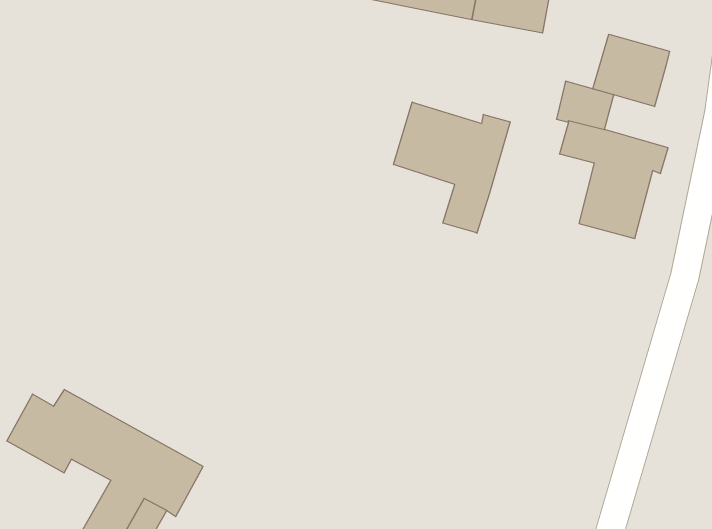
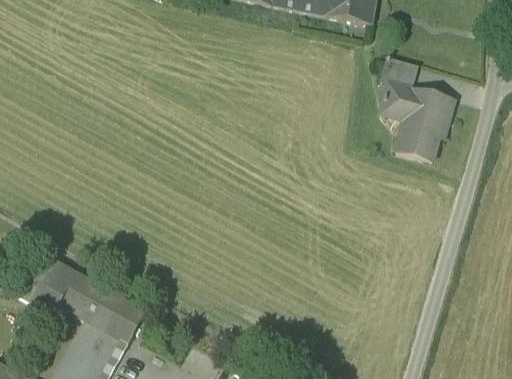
building: [593,34,669,107] -> none
building: [394,102,510,233] -> none

